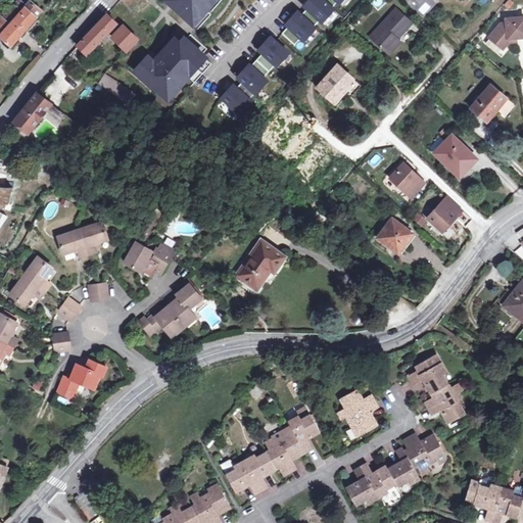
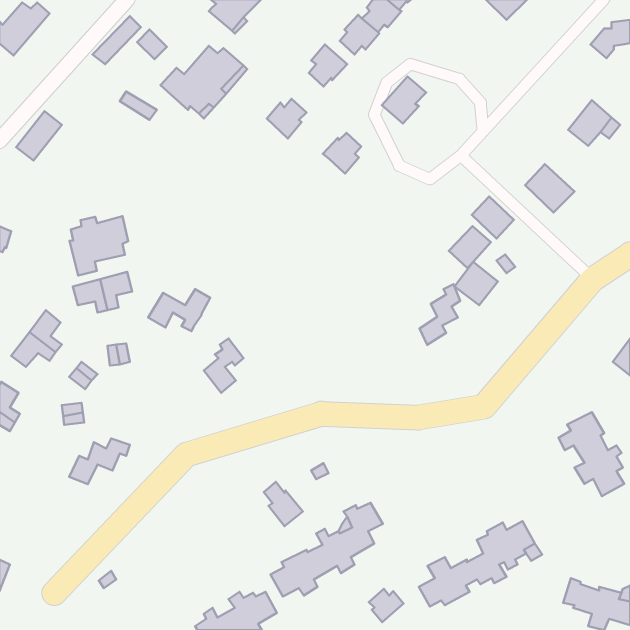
building: [369,8,411,55] -> none
building: [236,60,268,94] -> [323,133,361,174]
building: none -> [70,216,128,276]
building: [428,196,463,231] -> [449,226,491,268]
building: none -> [419,284,460,345]
building: [237,238,283,284] -> none
building: [138,306,183,335] -> none
building: [406,353,460,423] -> [559,412,624,496]
building: [339,391,381,436] -> none
building: none -> [264,482,303,526]
building: none -> [369,589,403,622]

